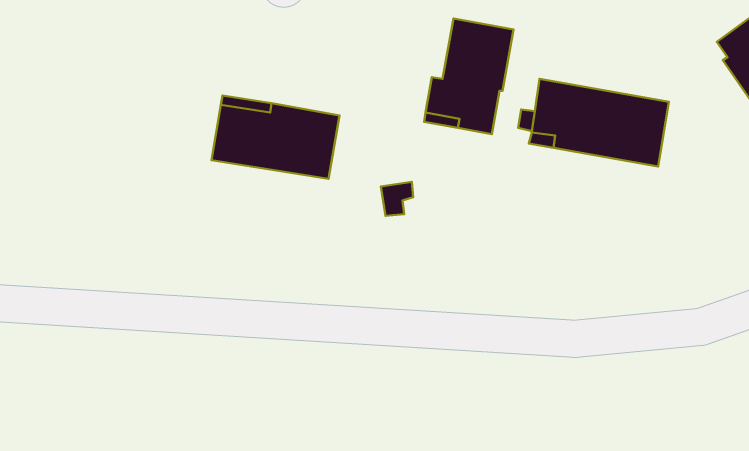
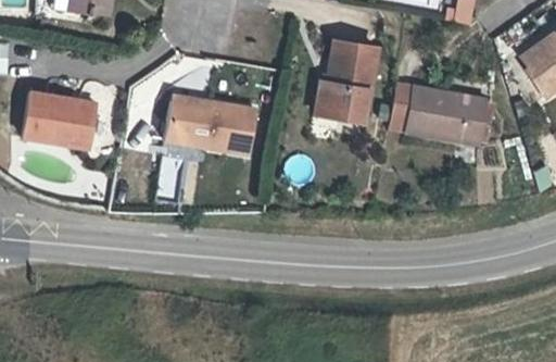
building: none -> [22,91,96,148]

